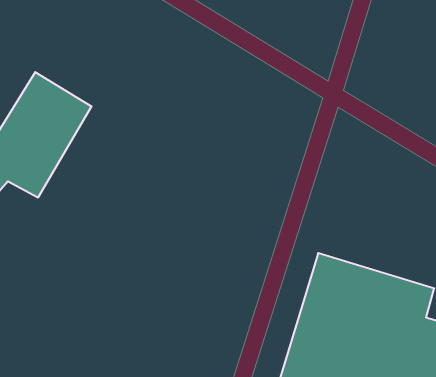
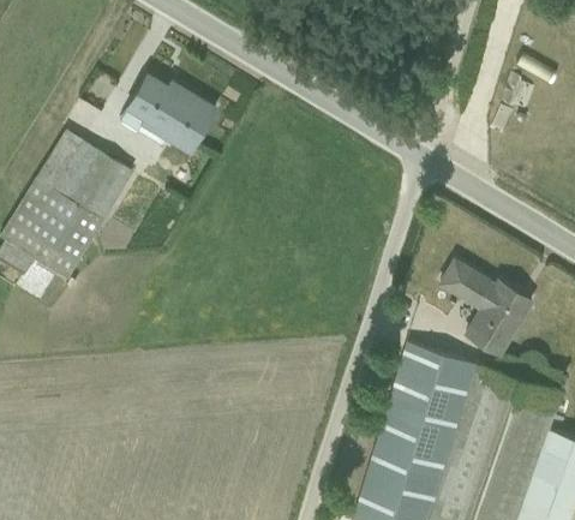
building: none -> [124,68,220,160]
building: none -> [439,256,533,357]

